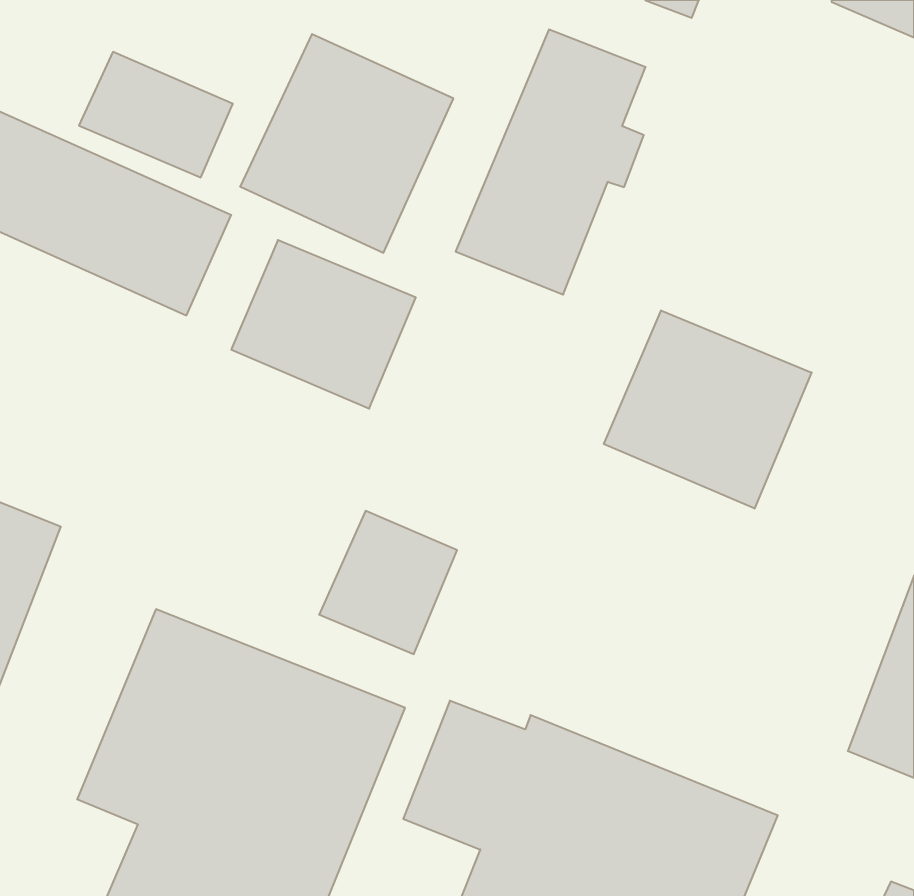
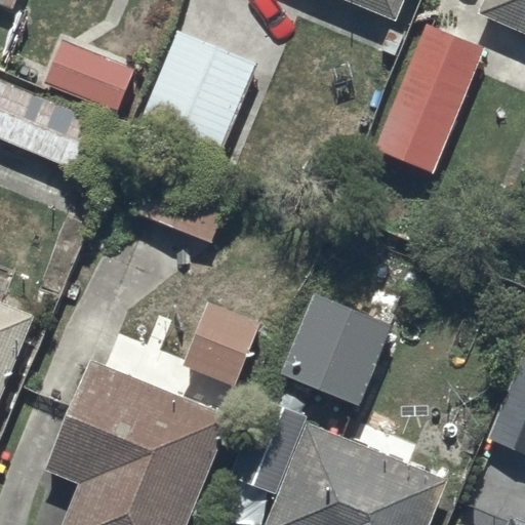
building: [456,29,646,295] -> [373,25,482,176]
building: [604,310,812,509] -> none
building: none -> [277,291,393,403]

